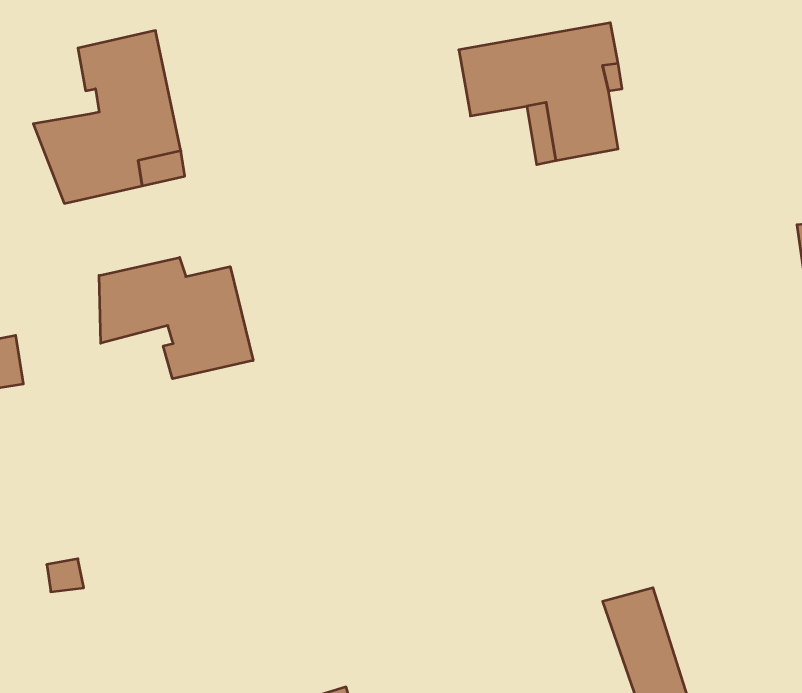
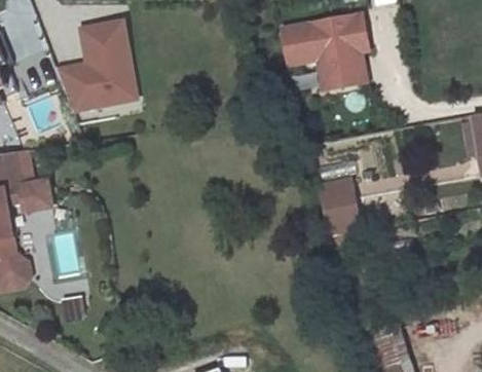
building: [99,257,253,379] -> none
building: none -> [319,180,360,233]

